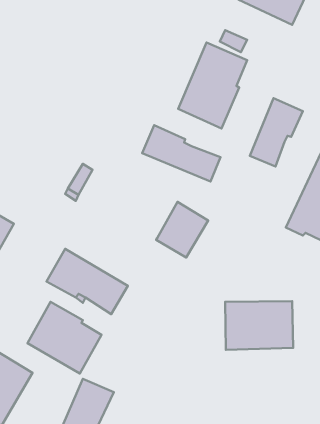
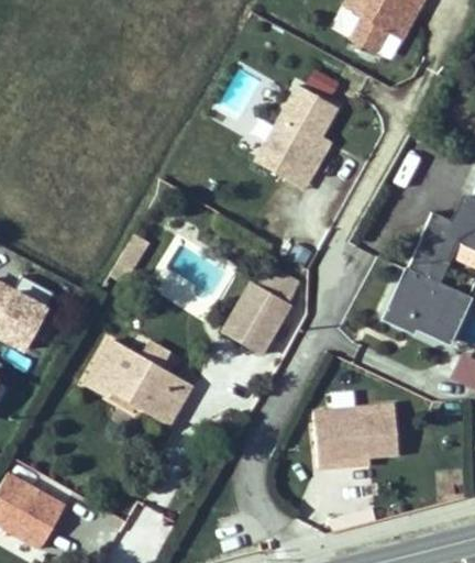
building: [250,98,303,166] -> none
building: [142,125,220,182] -> none
building: [28,302,102,373] -> none

